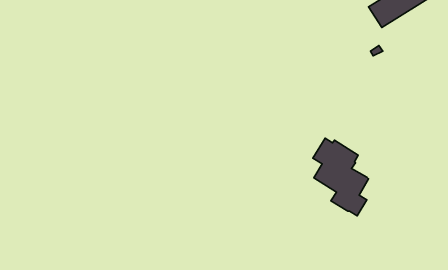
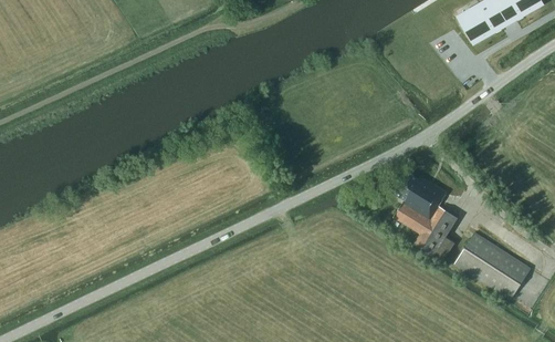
building: none -> [457,232,531,299]

